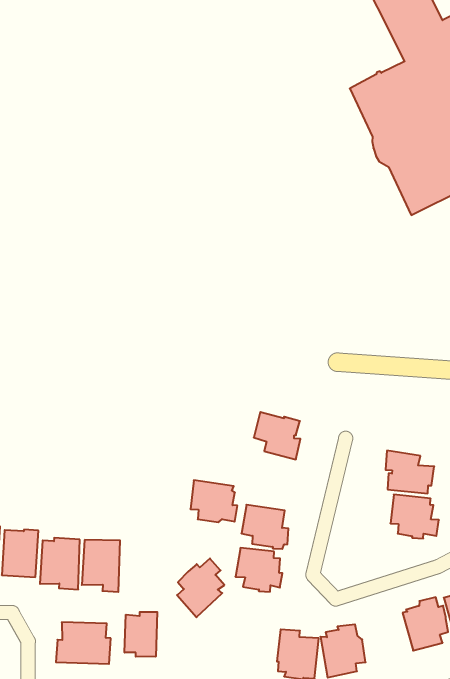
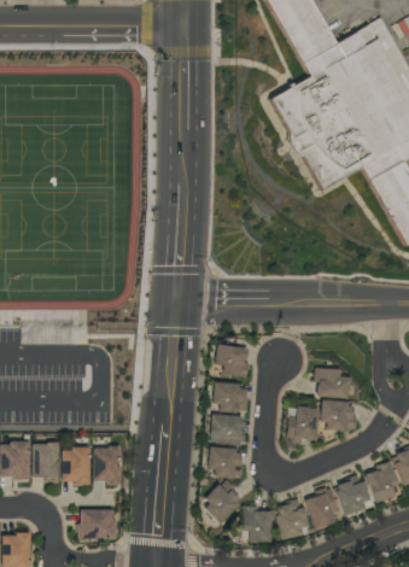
building: [190,480,237,522] -> [214,381,249,411]
building: none -> [287,405,319,443]
building: [177,558,224,617] -> [205,479,240,524]
building: none -> [305,486,339,528]
building: [125,612,157,657] -> none

